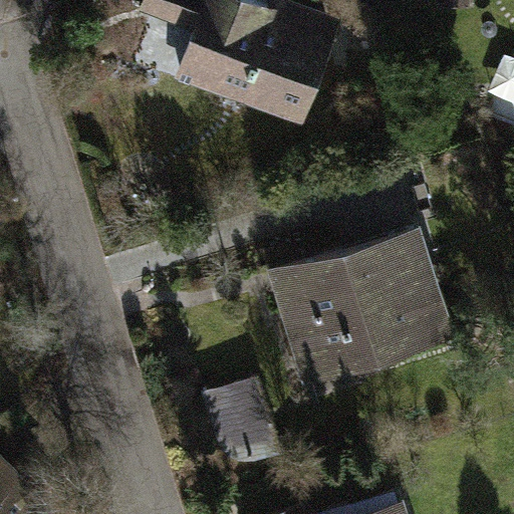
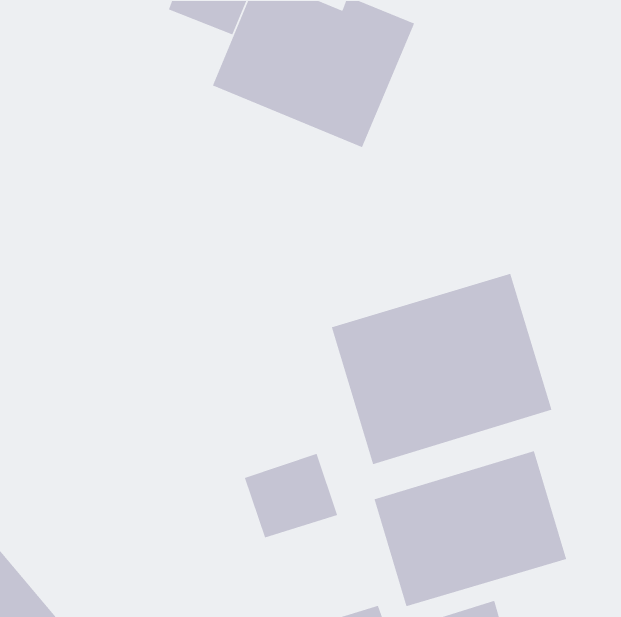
building: none -> [373,450,567,607]

